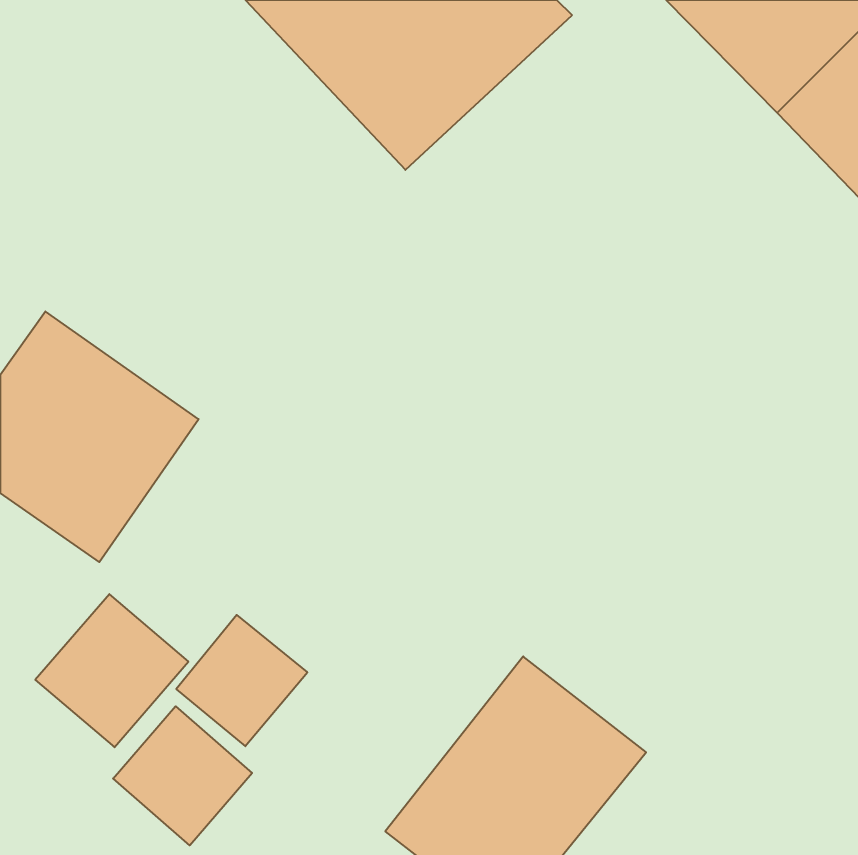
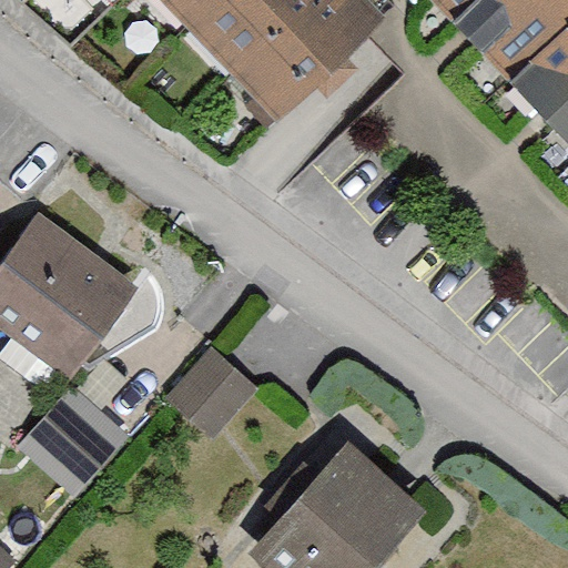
building: [176,615,307,746] -> [164,352,251,438]
building: [113,706,252,845] -> none

